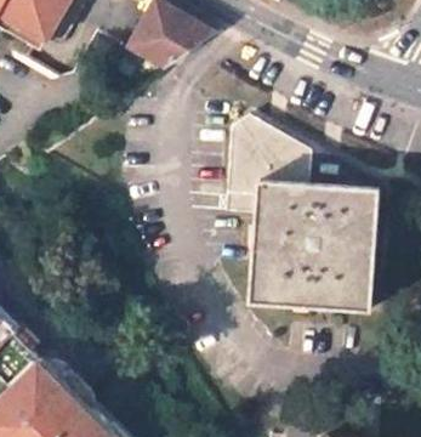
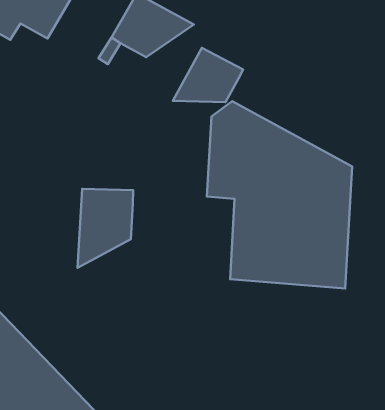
building: none -> [173,48,243,102]
building: none -> [78,189,133,268]

